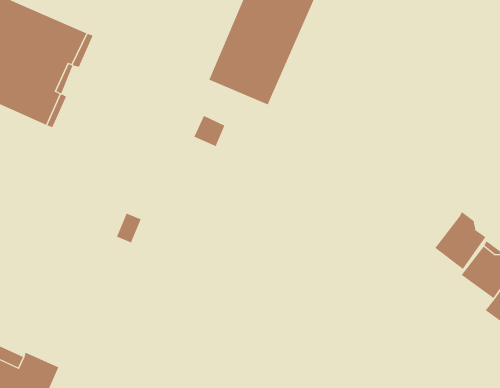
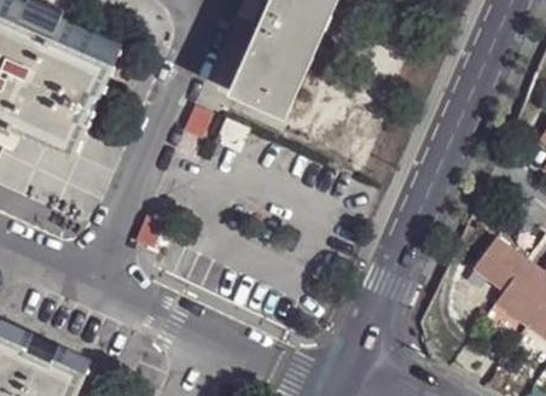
building: [434,211,486,270] -> none

